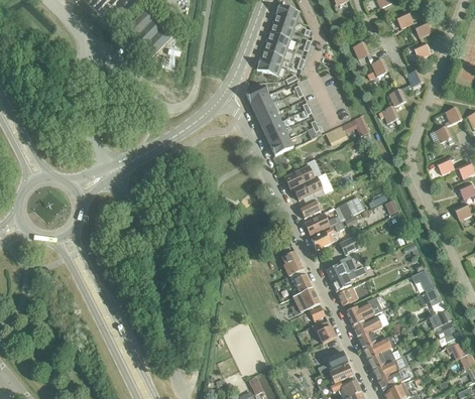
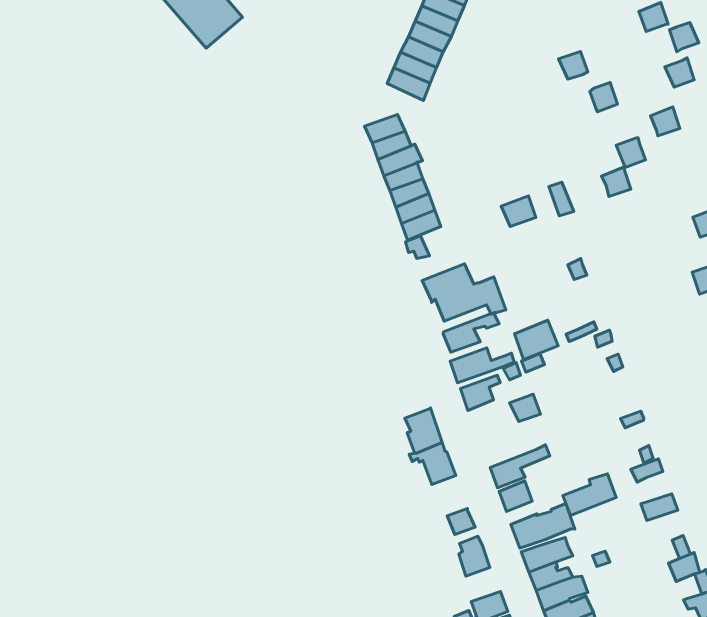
building: [326,256,356,281] -> [563,474,616,516]
building: [291,287,320,312] -> none

